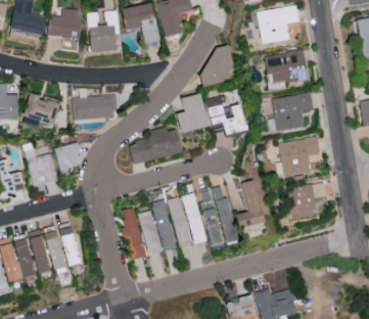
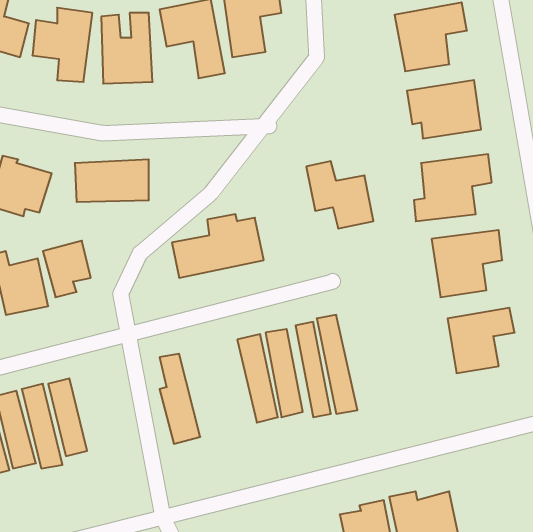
building: [198,47,232,88] -> none
building: [176,94,209,135] -> none
building: [235,180,264,230] -> none
building: [138,200,175,256] -> none

